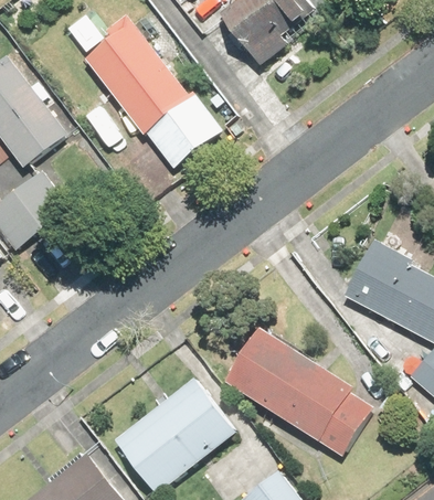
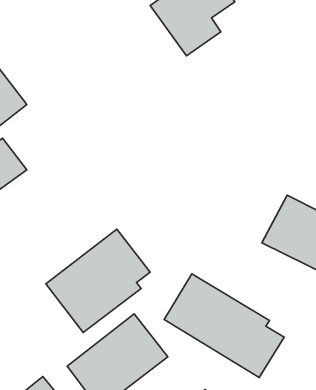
building: [86,24,218,164] -> none
building: none -> [46,229,150,333]

